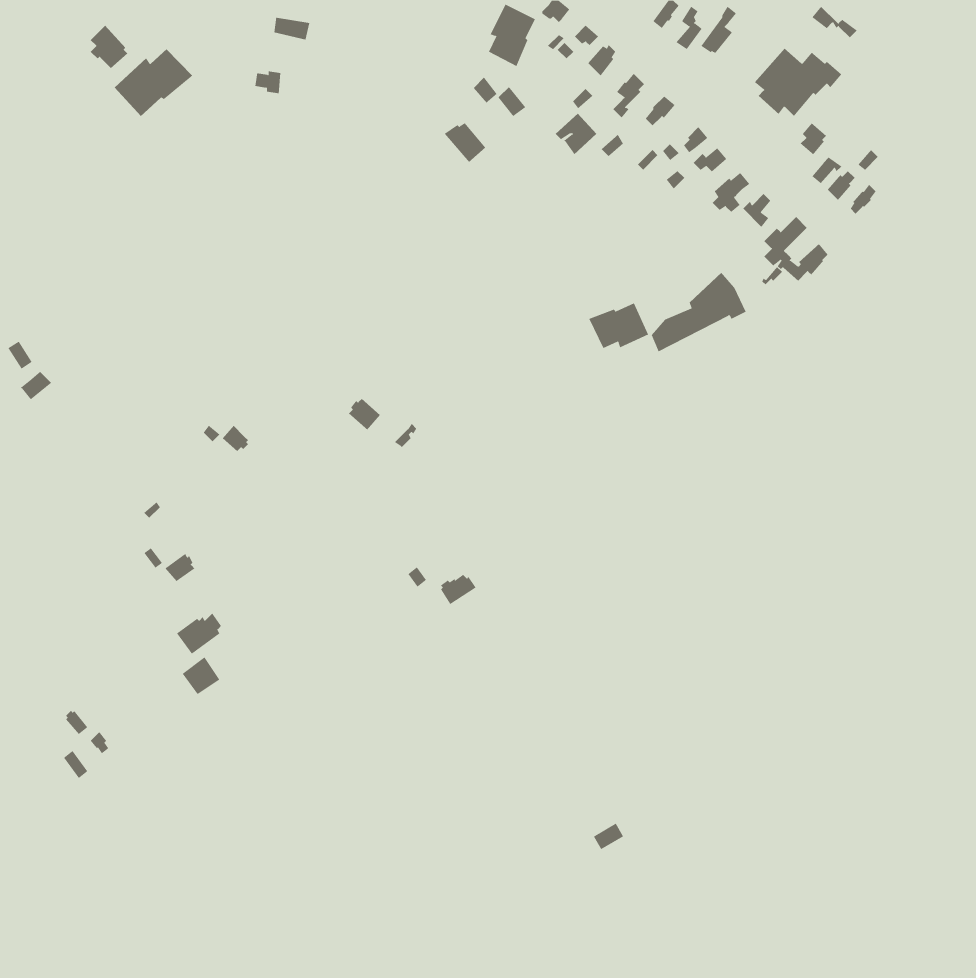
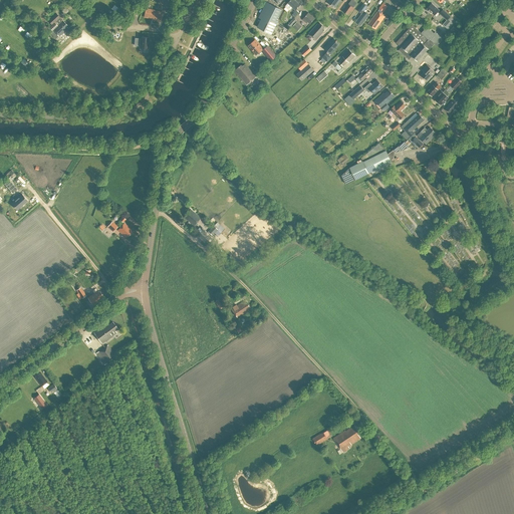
building: [114,49,193,117] -> none
building: [588,302,649,349] -> none
building: none -> [332,425,360,452]

